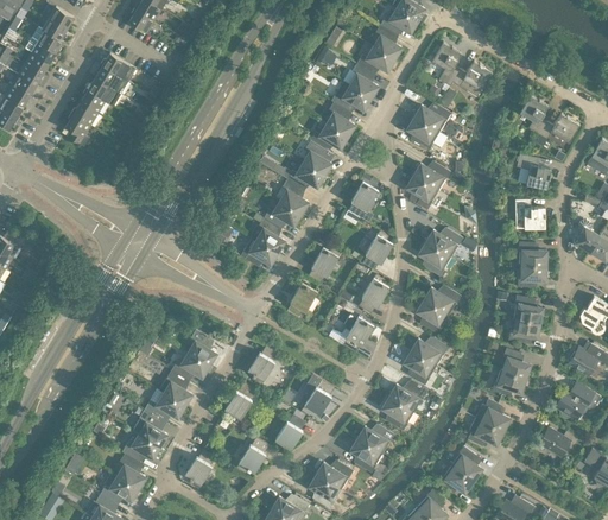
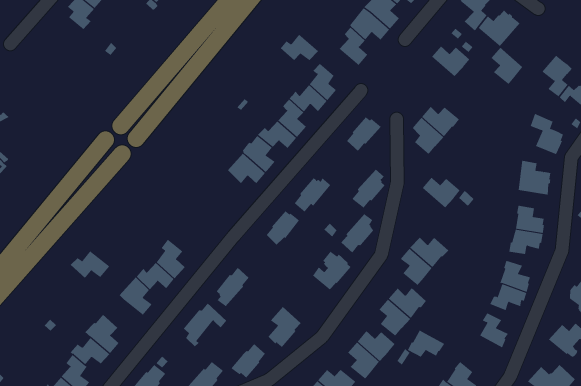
building: [406,116,438,151] -> [491,47,523,85]
building: [310,123,347,150] -> [280,34,319,61]
building: [418,241,450,275] -> none
building: [492,369,526,395] -> [407,329,445,358]
building: [146,393,184,420] -> [70,251,110,279]

